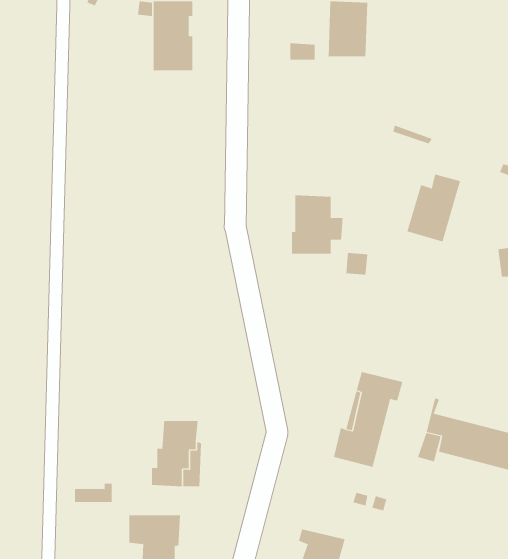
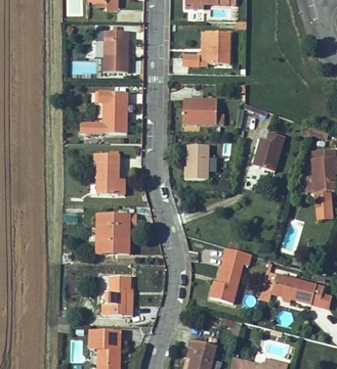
building: none -> [80,92,127,133]
building: none -> [182,96,222,124]
building: none -> [94,154,124,194]
building: none -> [96,215,128,253]

